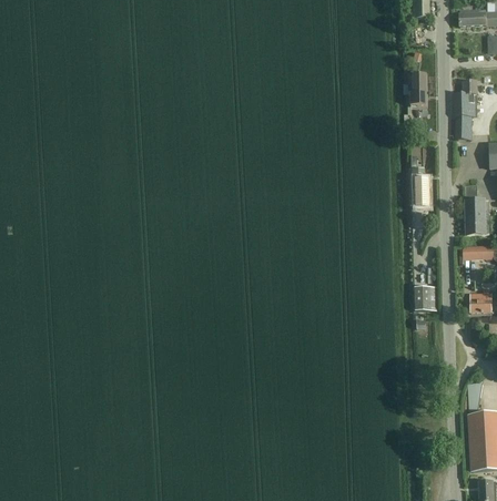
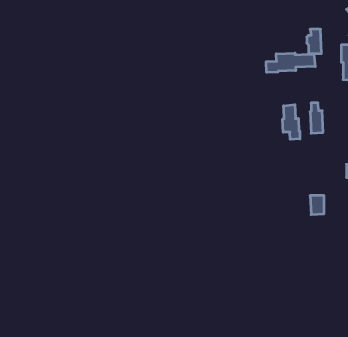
building: none -> [266,53,315,72]
building: none -> [283,105,300,139]

